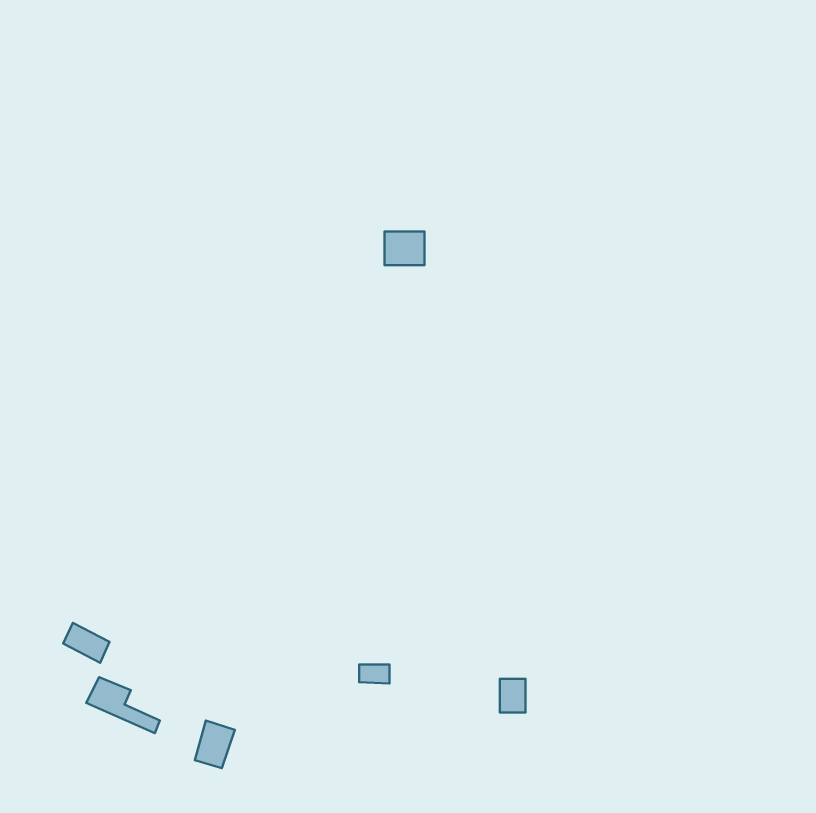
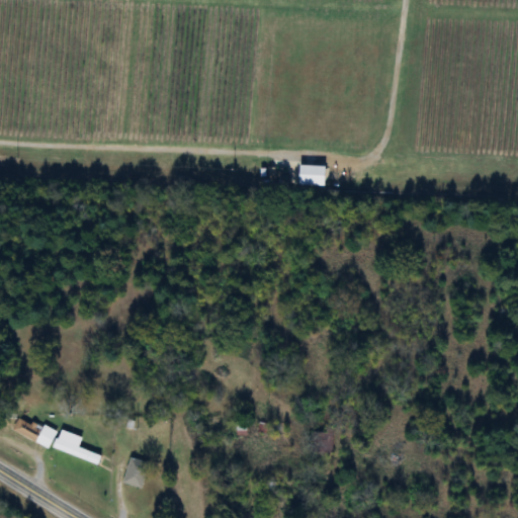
building: [384,232,424,265] -> [299,164,325,185]
building: [63,623,110,663] -> [13,416,42,441]

